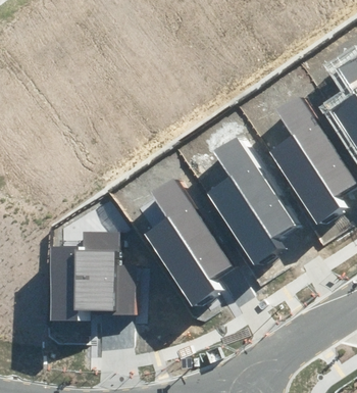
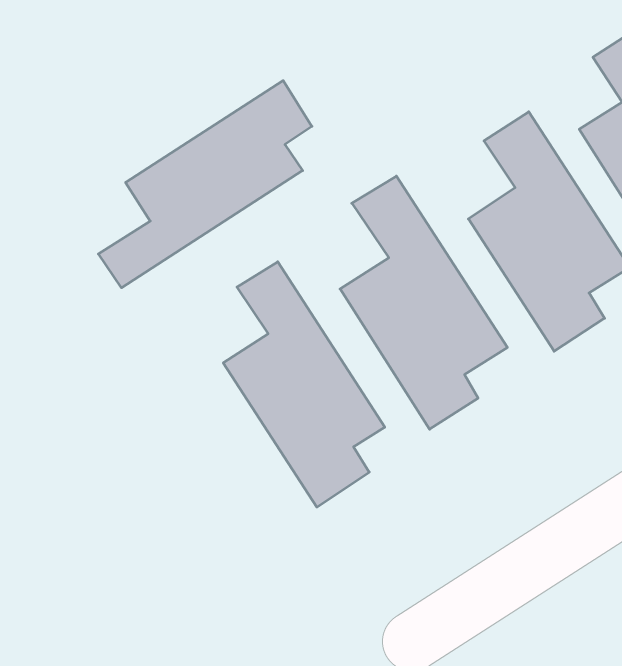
building: none -> [98,81,312,288]
building: [50,232,138,322] -> none

